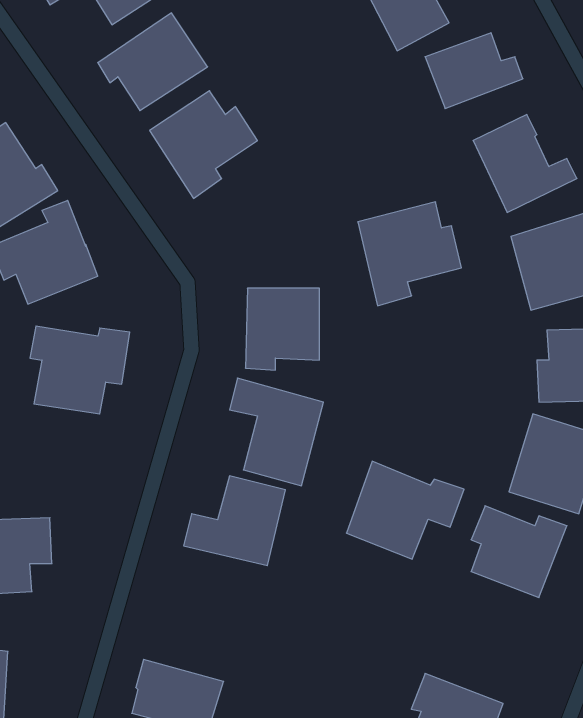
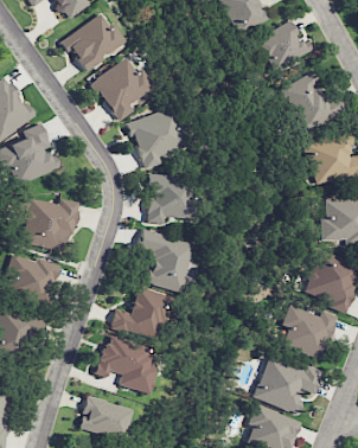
building: [358,202,461,306] -> [129,108,191,169]
building: none -> [8,254,56,302]
building: [346,461,464,559] -> [252,354,322,412]
building: none -> [96,337,160,393]

